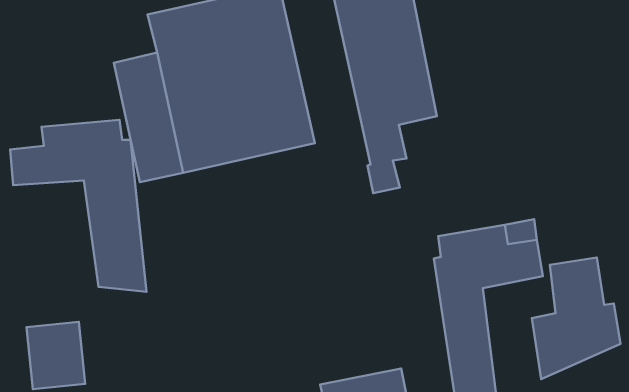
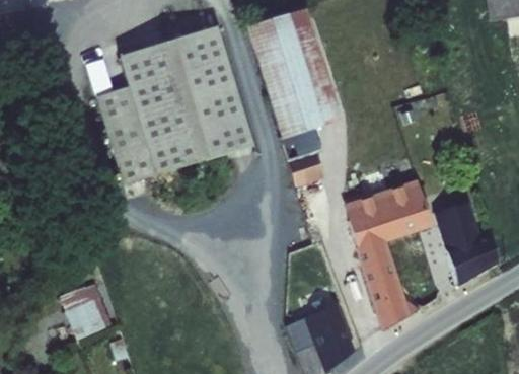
building: [10,120,147,292] -> none

